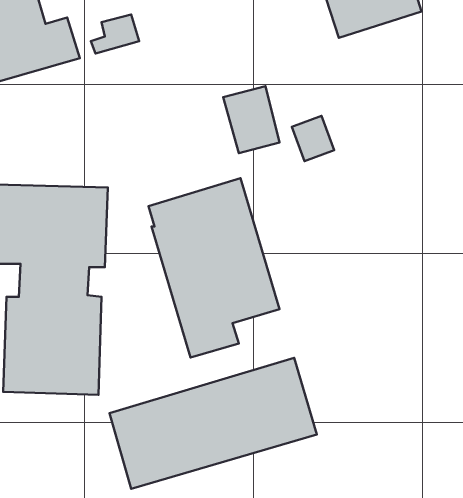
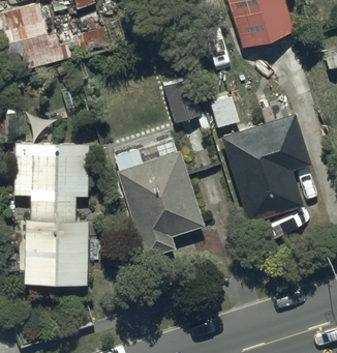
building: none -> [222,105,310,220]
building: [109,358,317,489] -> none

